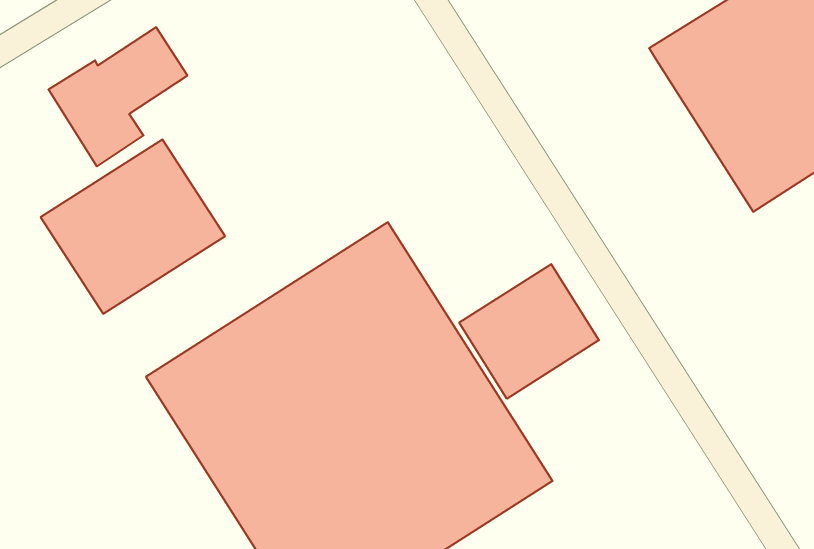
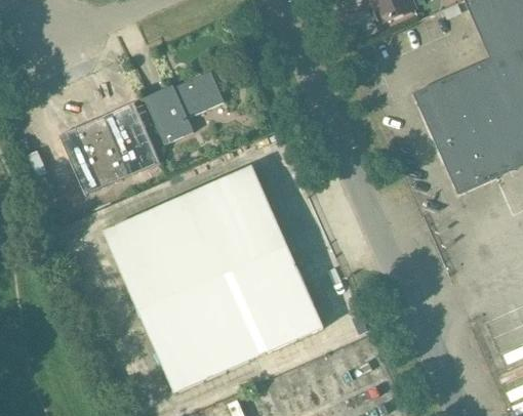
building: [48,27,187,166] -> [145,71,224,143]
building: [459,264,599,399] -> none

